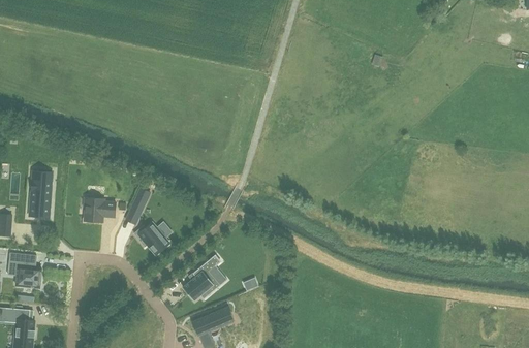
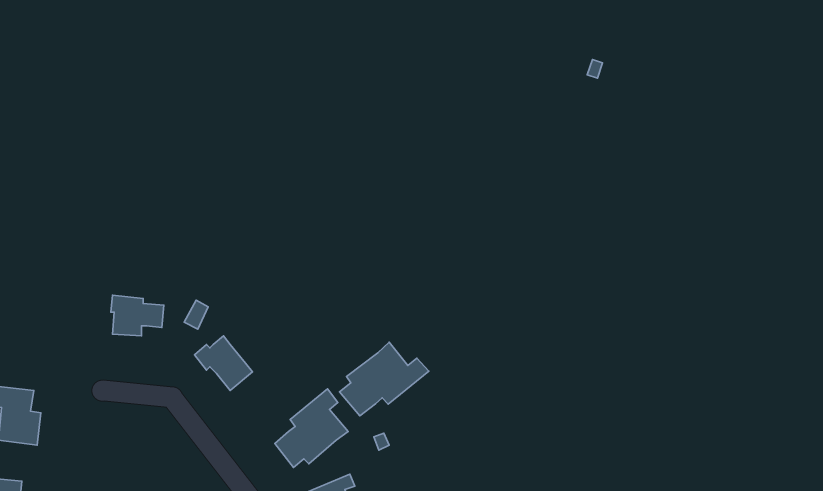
building: [27,169,51,216] -> none
building: none -> [339,342,429,416]

